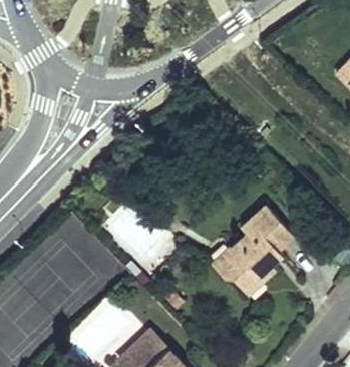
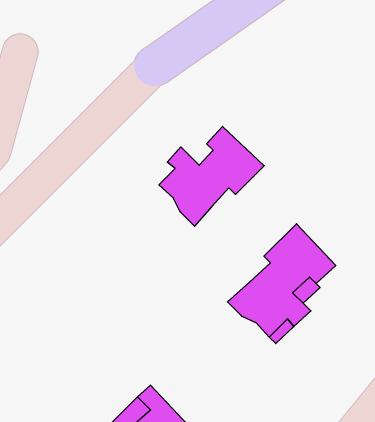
building: none -> [159,126,264,226]

